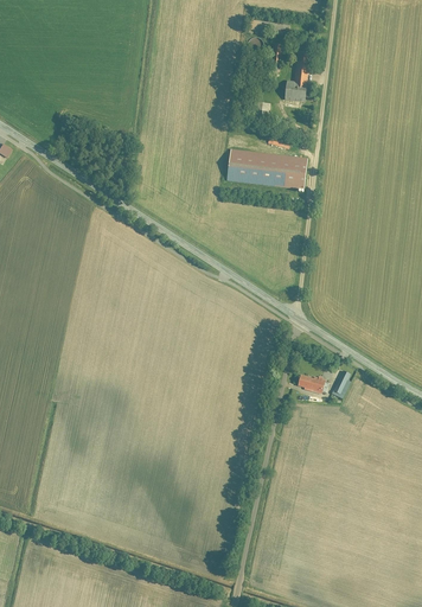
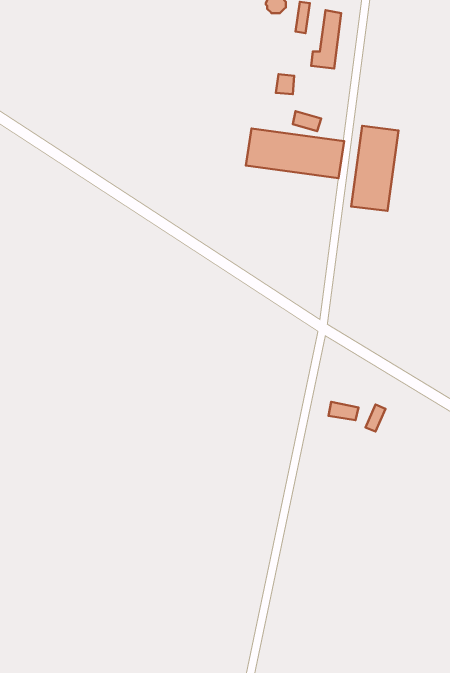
building: none -> [351,126,399,211]

